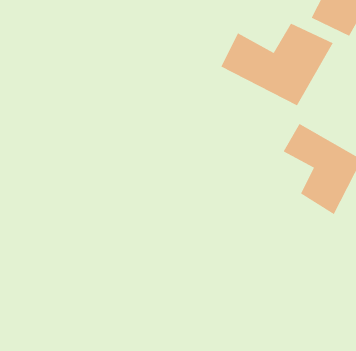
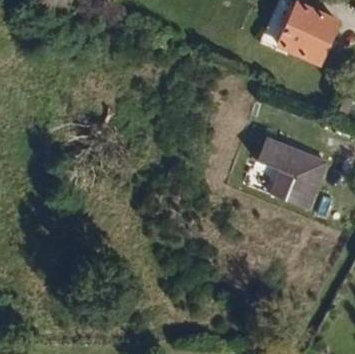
building: [221,23,334,106] -> none

